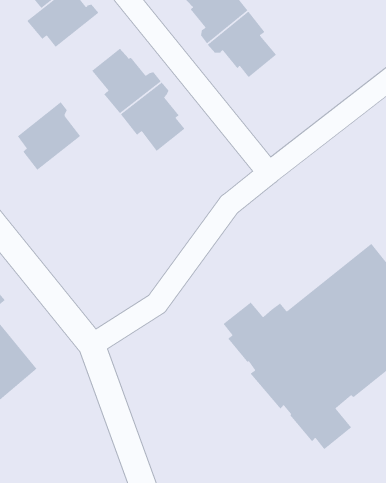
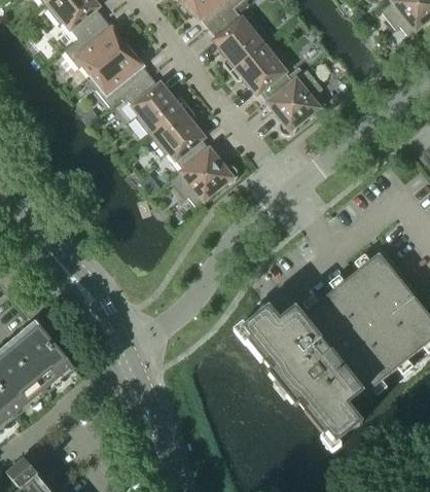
building: none -> [266,69,326,135]
building: [17,101,81,171] -> [91,42,149,106]
building: none -> [169,148,238,206]

